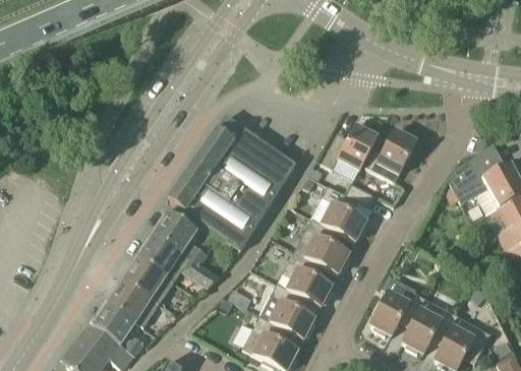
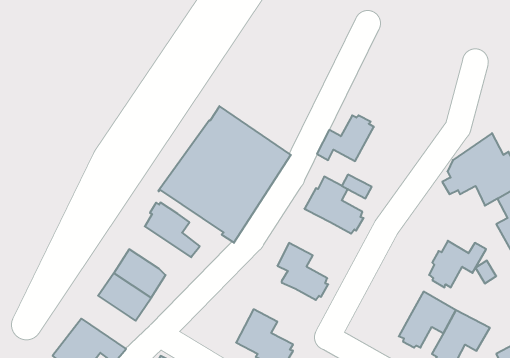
building: [366,129,416,181] -> none
building: [294,218,350,273] -> none
building: [136,234,219,288] -> none
building: [259,283,315,338] -> none
building: [370,290,426,335] -> [429,241,486,287]
building: [91,302,144,355] -> none

